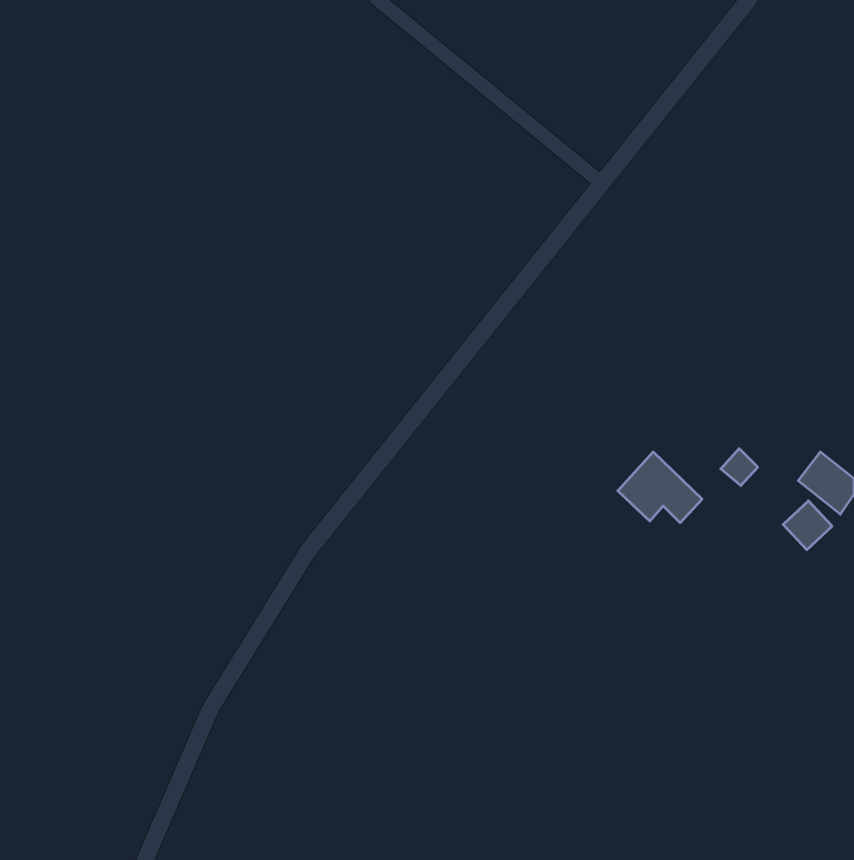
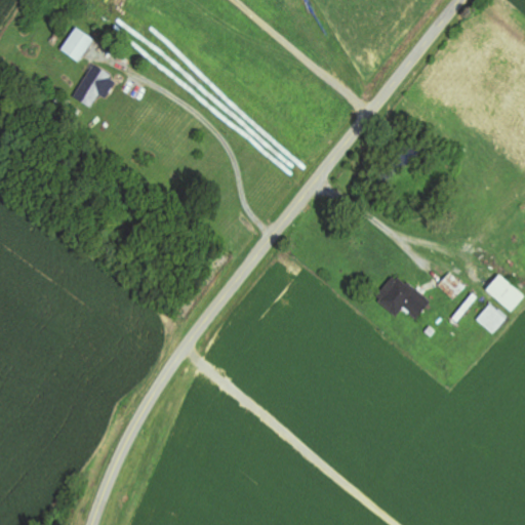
building: none -> [58,27,92,62]
building: none -> [72,65,115,107]

